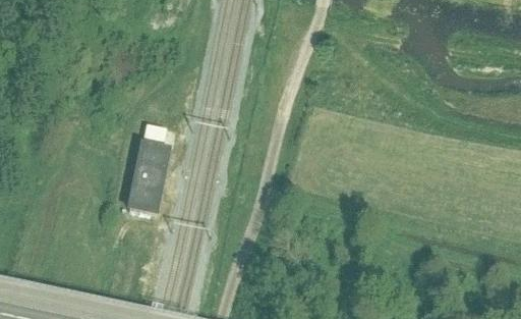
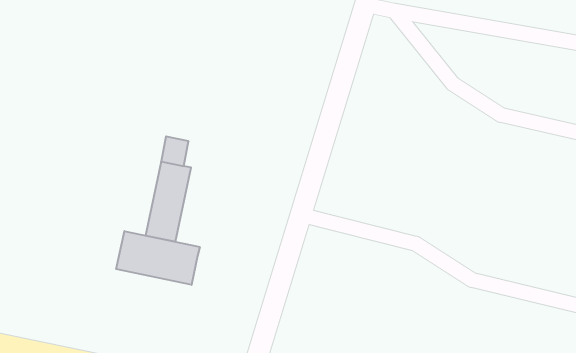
building: none -> [116,231,200,285]

